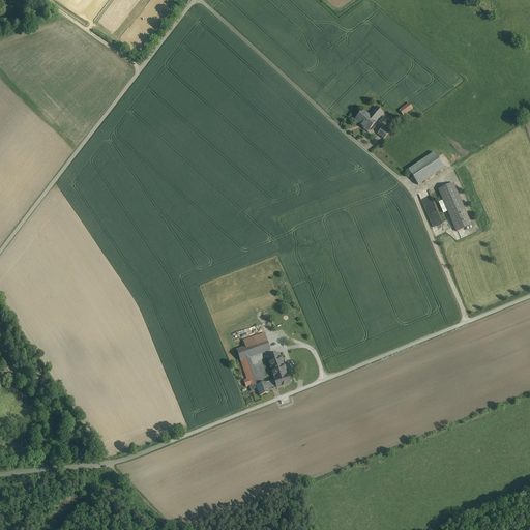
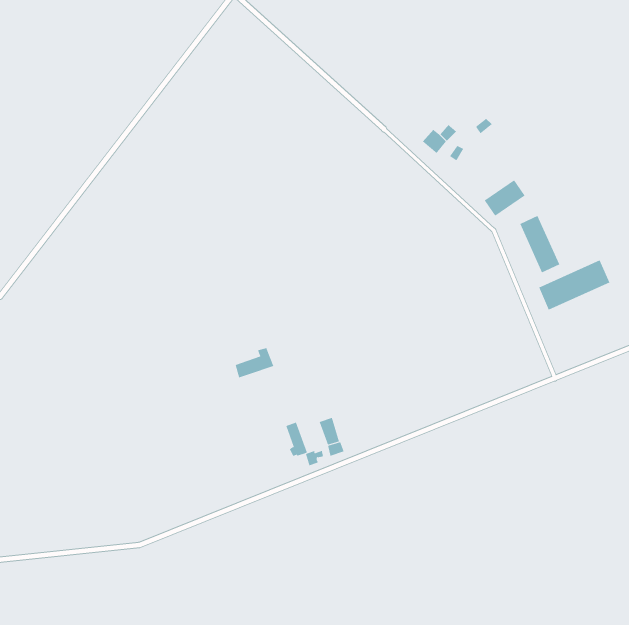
building: none -> [538,260,610,311]
building: [237,332,270,358] -> [235,348,274,378]

